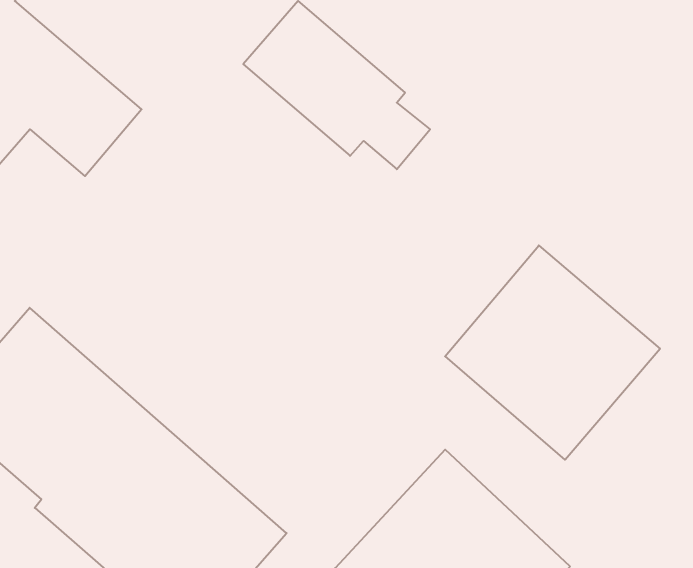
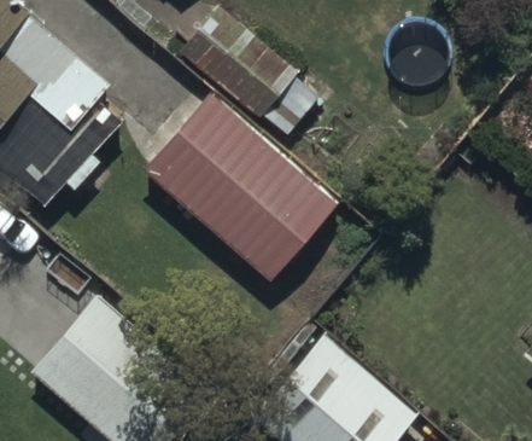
building: none -> [146,95,337,279]
building: [445,245,660,460] -> none

